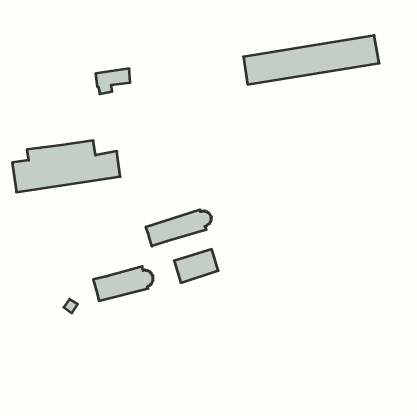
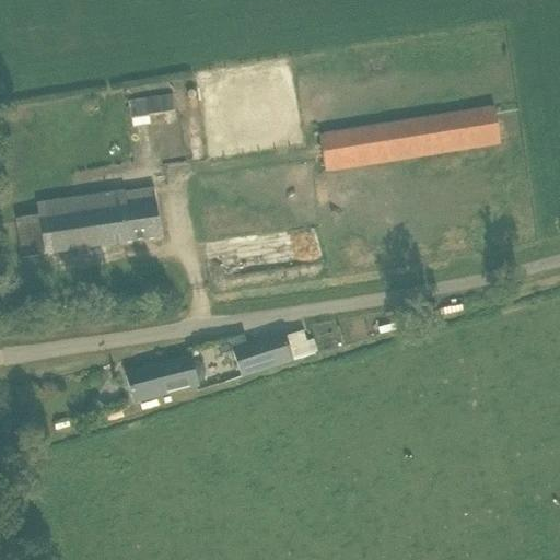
building: [243,35,379,84] -> [319,104,501,170]
building: [146,210,212,246] -> none

